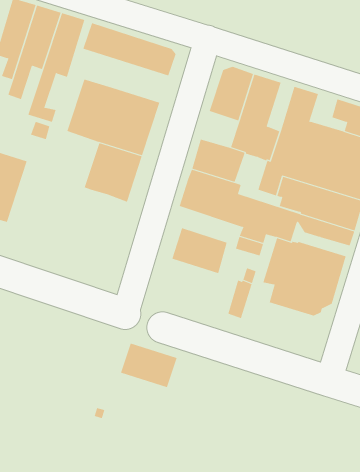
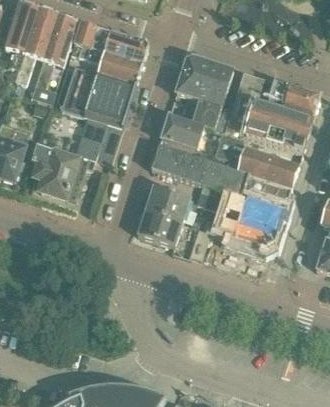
building: none -> [71,41,143,84]
building: none -> [31,143,94,198]
building: [120,343,178,388] -> [137,209,183,245]

